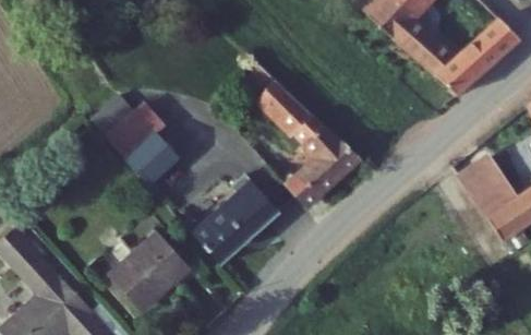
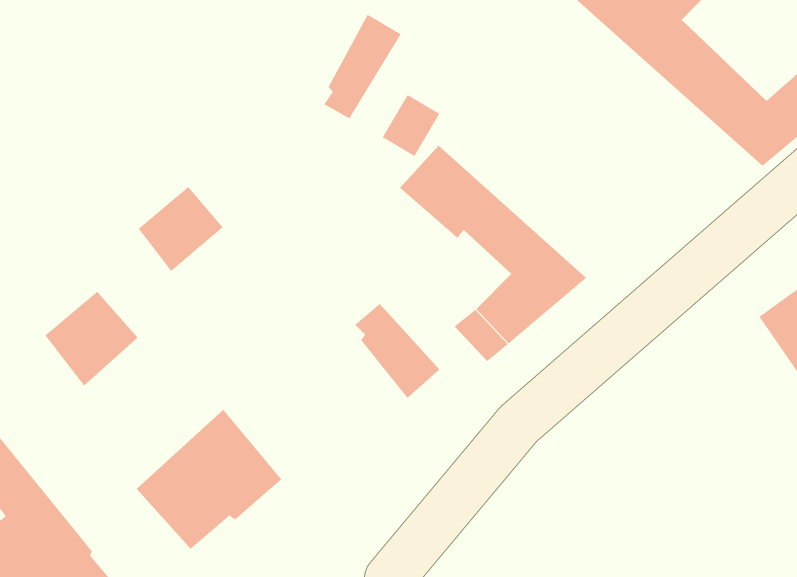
building: none -> [324,14,401,119]
building: [129,131,181,184] -> [45,291,138,386]
building: [184,194,261,263] -> none

